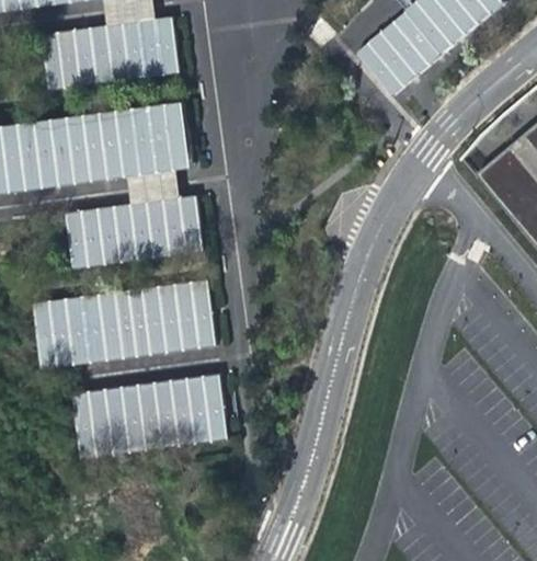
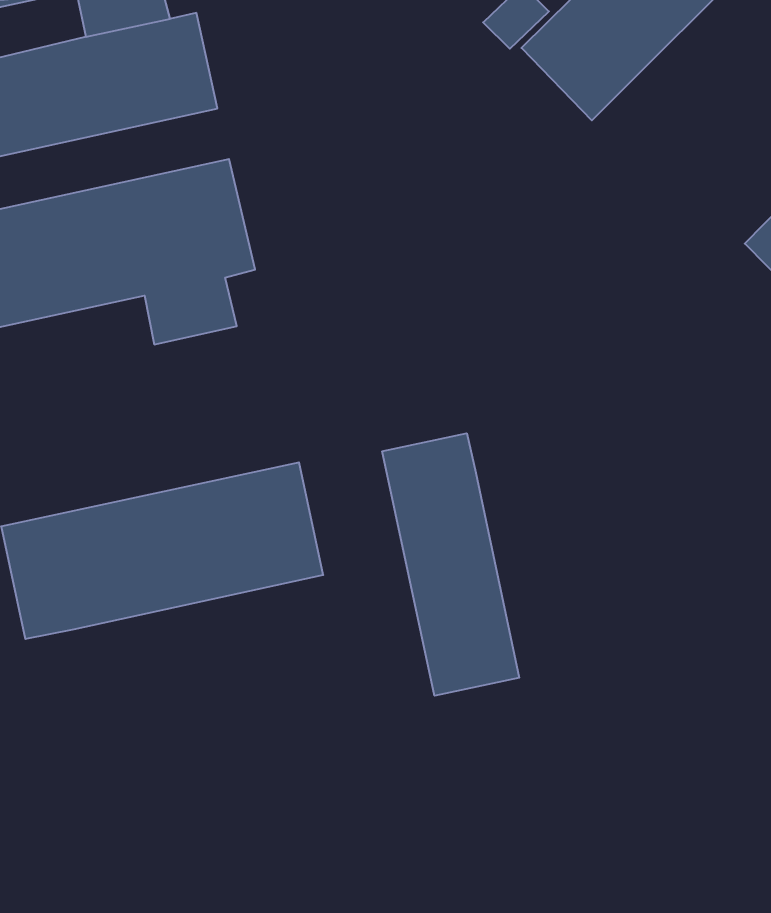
building: [66,196,203,268] -> none
building: none -> [382,433,519,696]
building: [72,374,227,460] -> none

